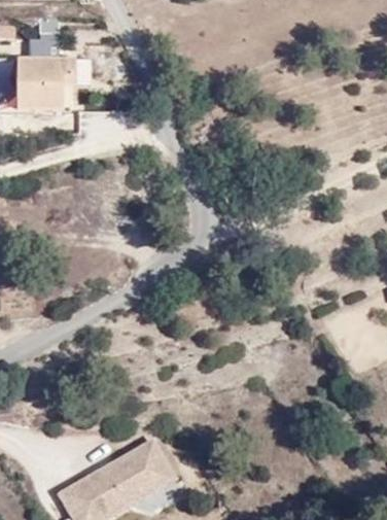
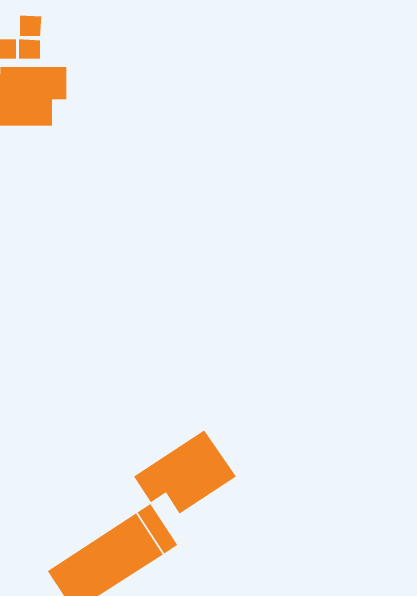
building: none -> [133,429,237,514]

